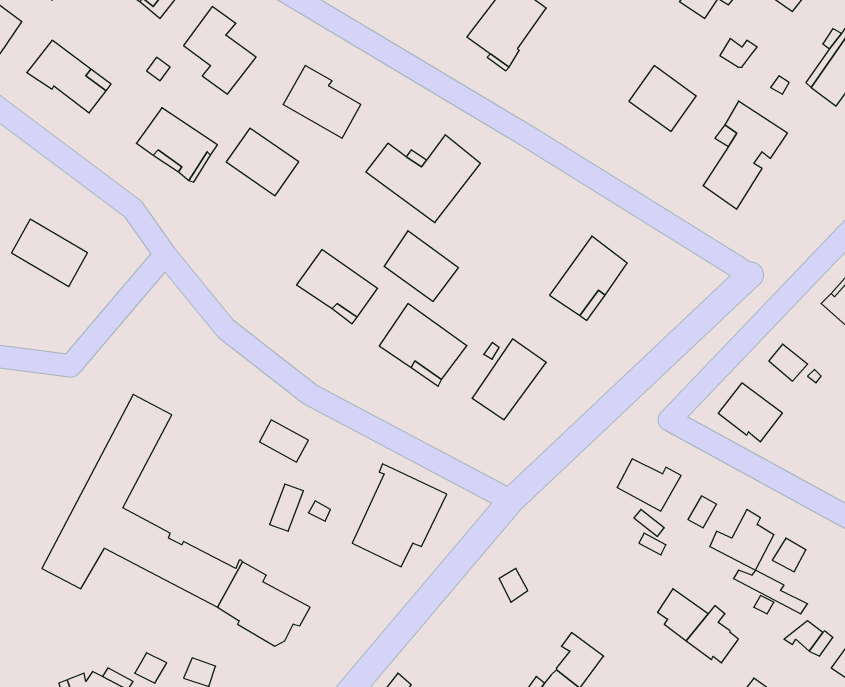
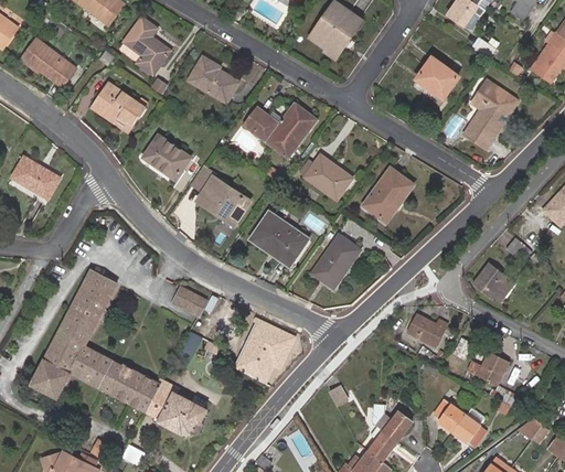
building: [226,128,299,196] -> [142,136,190,180]
building: [384,231,458,302] -> [303,154,352,201]
building: none -> [371,404,413,442]

